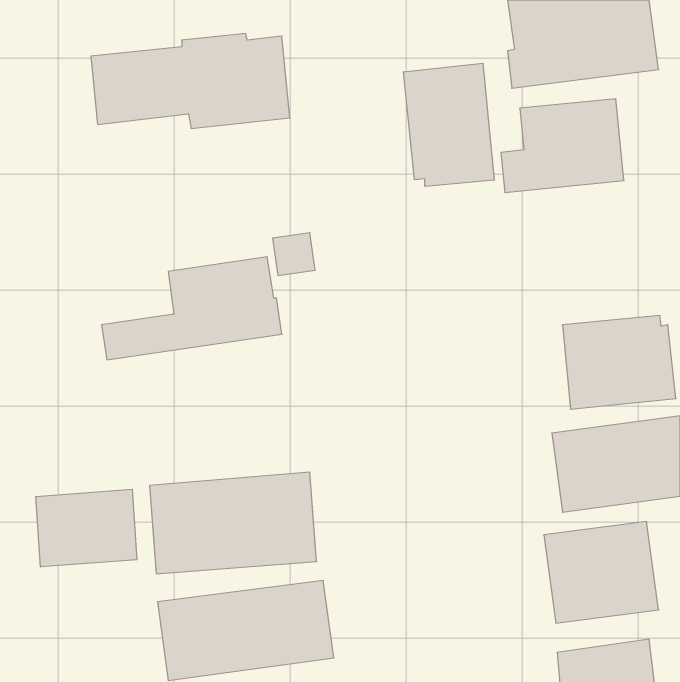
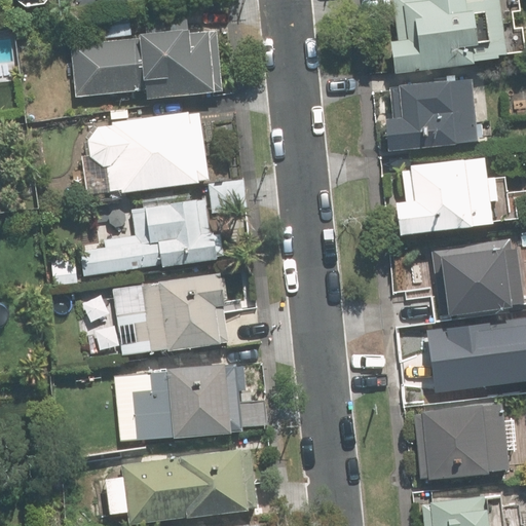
building: [403,63,494,186] -> none
building: none -> [86,112,208,192]
building: none -> [398,158,493,230]
building: none -> [114,272,229,355]
building: [36,489,137,567] -> none

